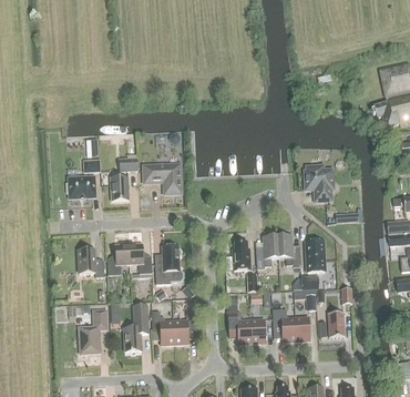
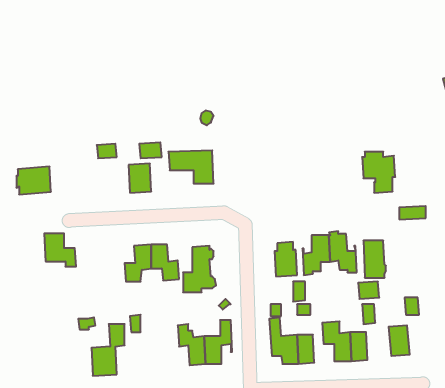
building: [66,174,95,197] -> [16,167,51,194]
building: [78,248,104,276] -> [44,233,76,267]
building: [123,304,148,350] -> none

